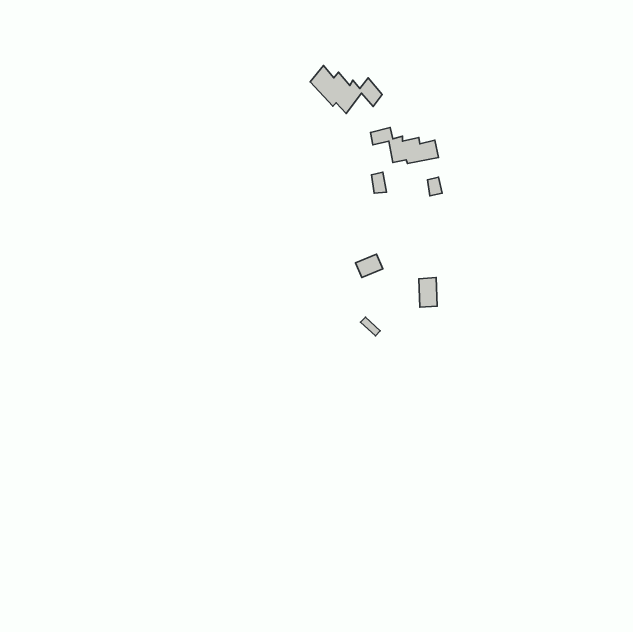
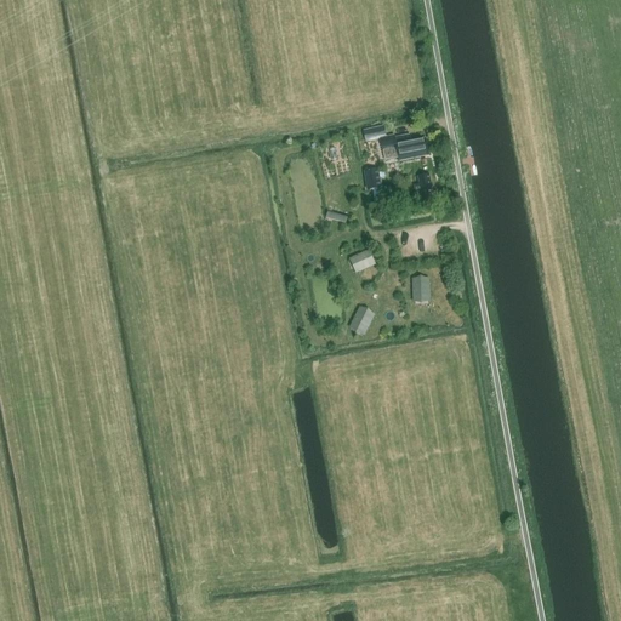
building: [310,65,382,113] -> none

